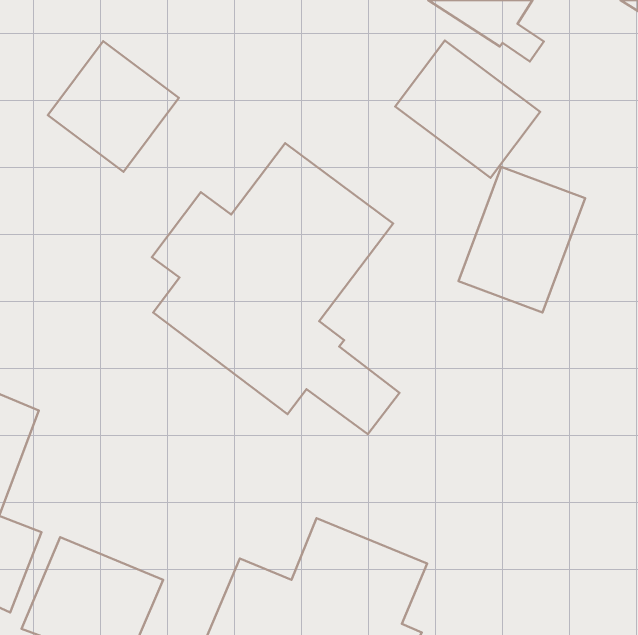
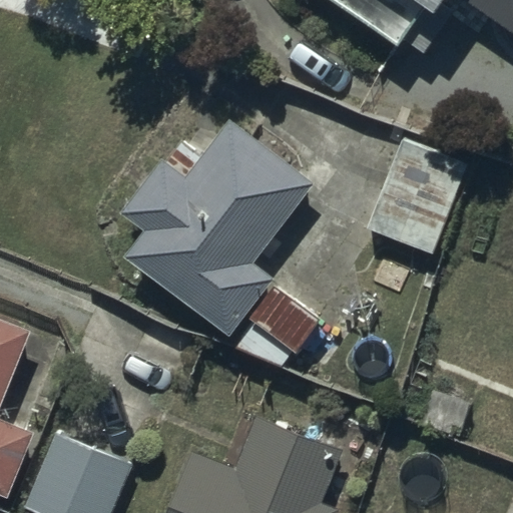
building: [395,40,540,178] -> none
building: [48,41,179,172] -> none

